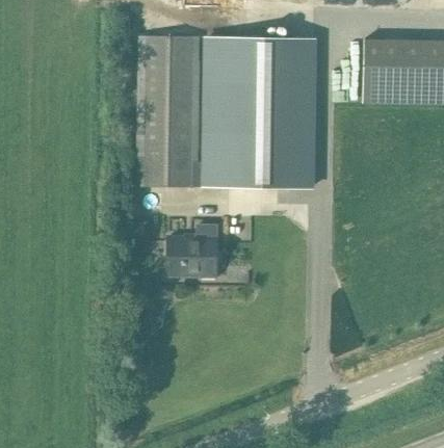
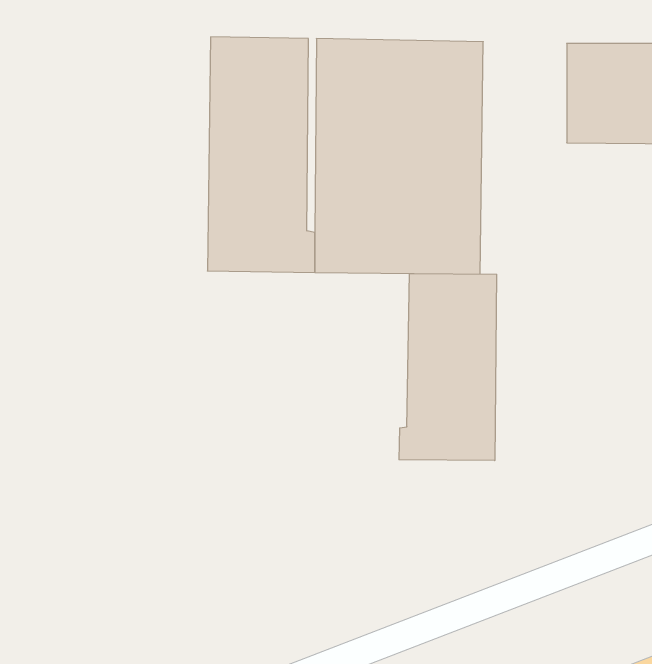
building: none -> [399,274,497,461]
building: [168,227,216,275] -> none

